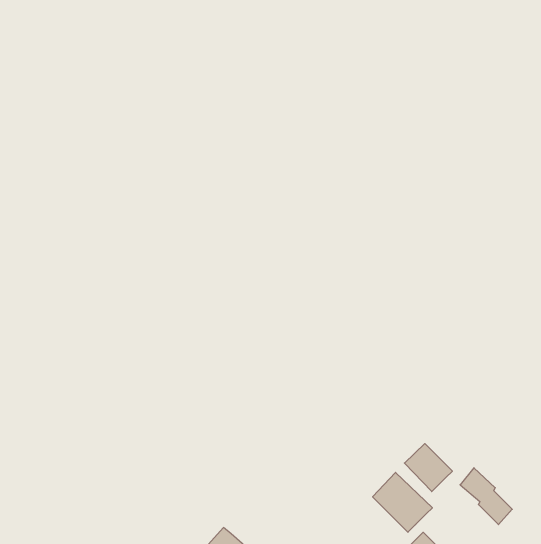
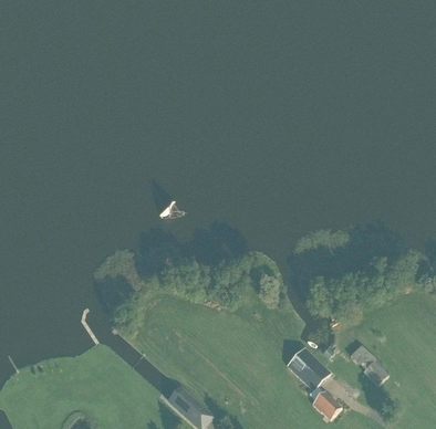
building: [404,444,452,492] -> none

